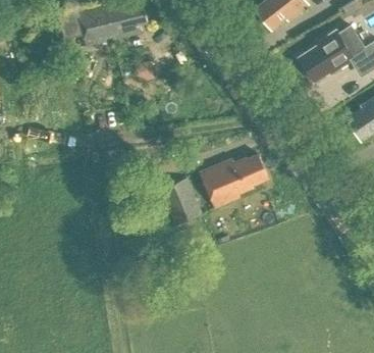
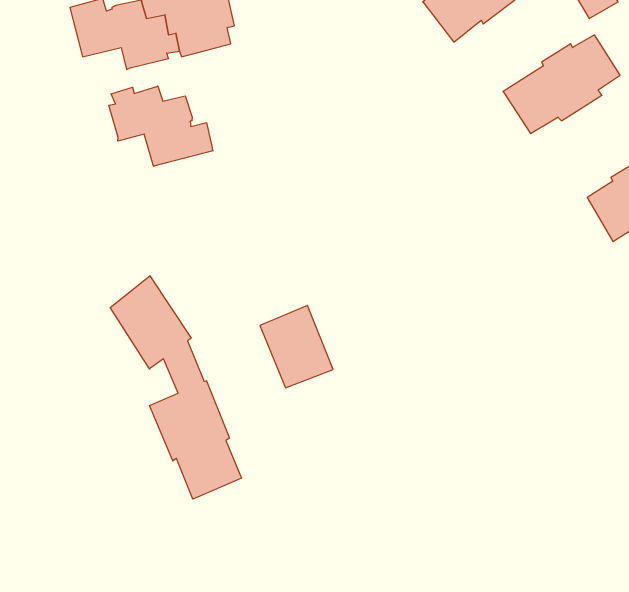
building: none -> [109,86,213,166]
building: [203,153,272,206] -> none
building: none -> [110,276,241,499]

